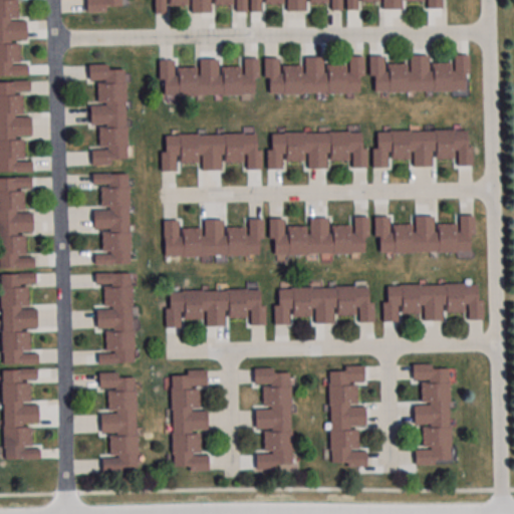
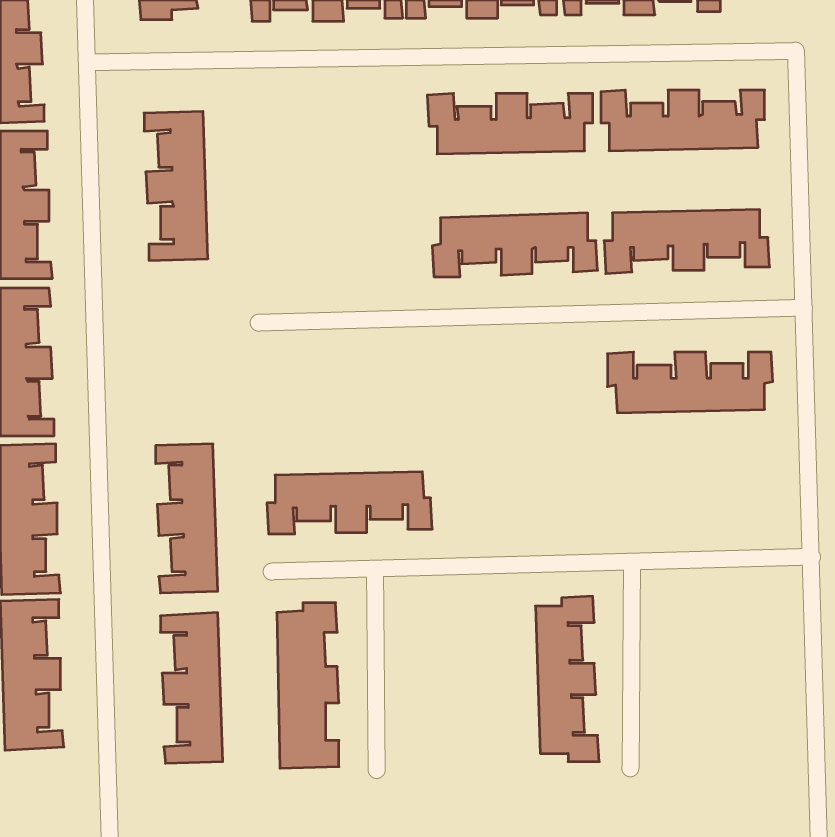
building: [159,58,259,96] -> none
building: [161,133,262,172] -> none
building: [92,173,131,264] -> none
building: [268,217,369,255] -> none
building: [163,219,264,257] -> none
building: [382,283,483,322] -> none
building: [273,286,374,325] -> none
building: [413,363,452,465] -> none
building: [254,367,293,469] -> none

